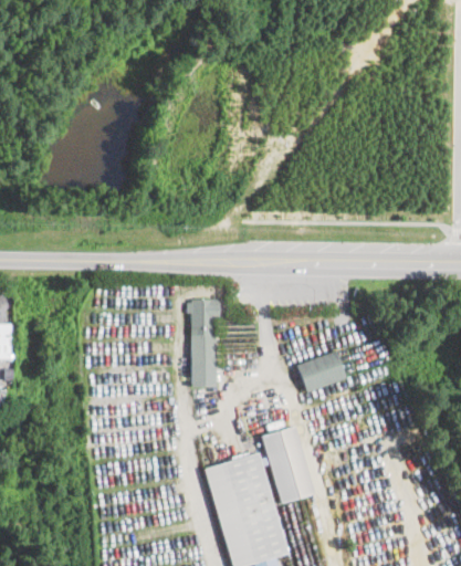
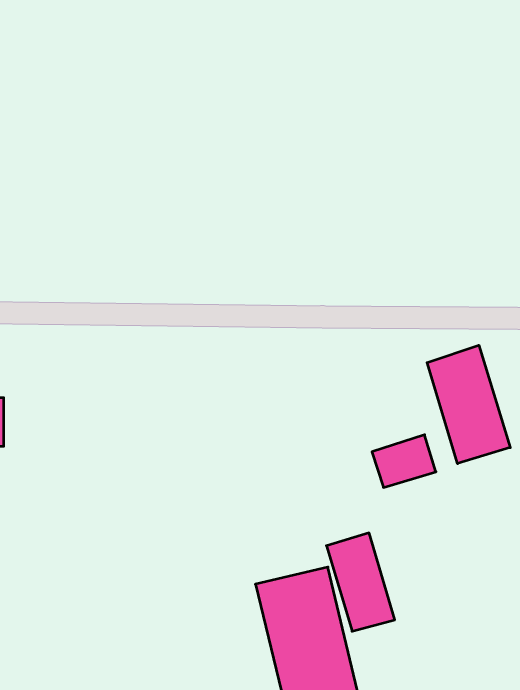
building: none -> [427,345,510,464]
building: [191,297,218,387] -> none

